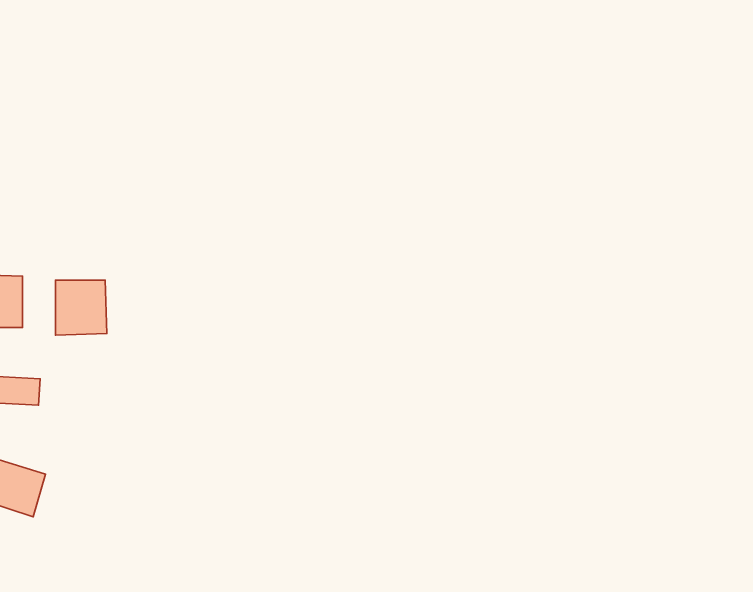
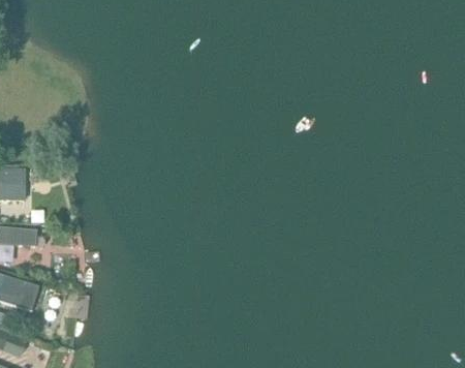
building: [55,280,107,335] -> none

